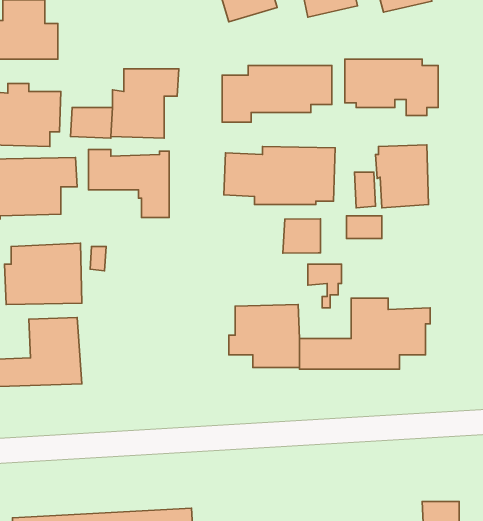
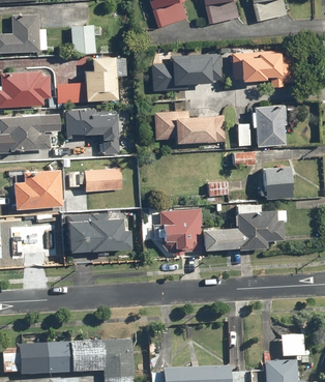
building: none -> [70,25,94,54]
building: [283,219,320,253] -> none
building: none -> [261,167,292,199]
building: none -> [83,169,120,190]
building: none -> [66,208,128,252]

